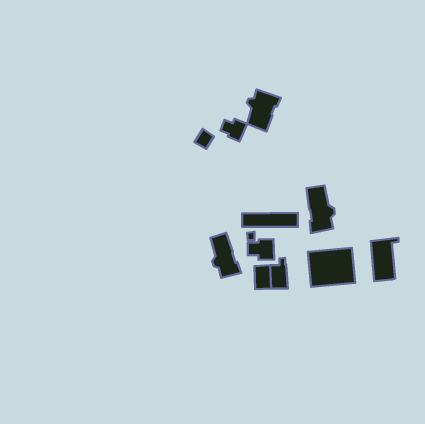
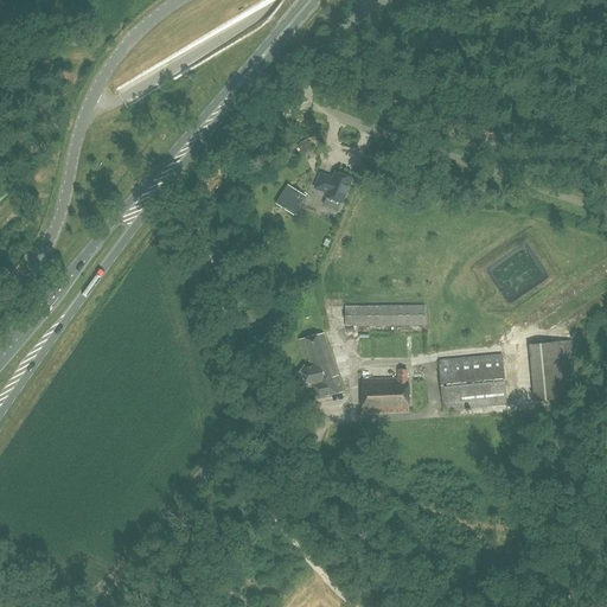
building: [247,90,281,131] -> none
building: [307,185,335,233] -> none
building: [248,239,274,260] -> none

